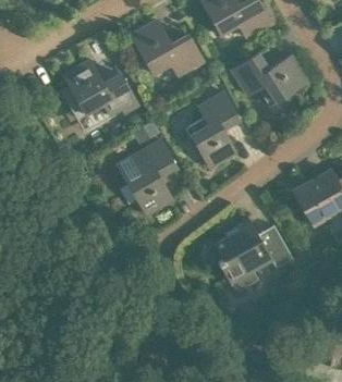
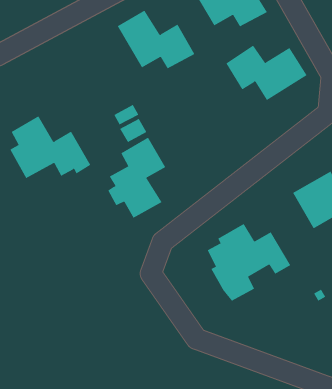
building: [62,59,138,118] -> [10,116,91,179]
building: [187,91,240,167] -> none

